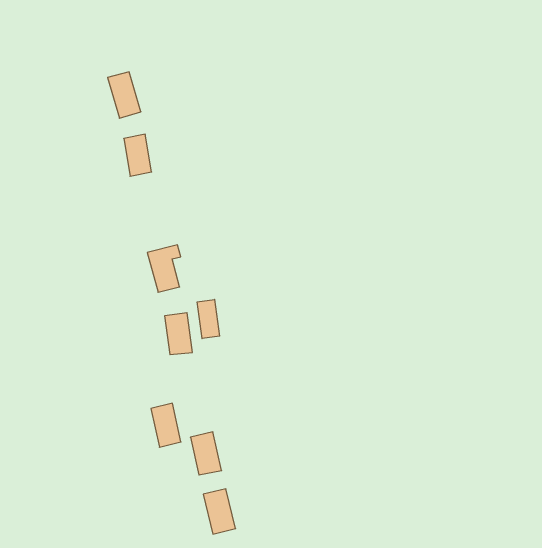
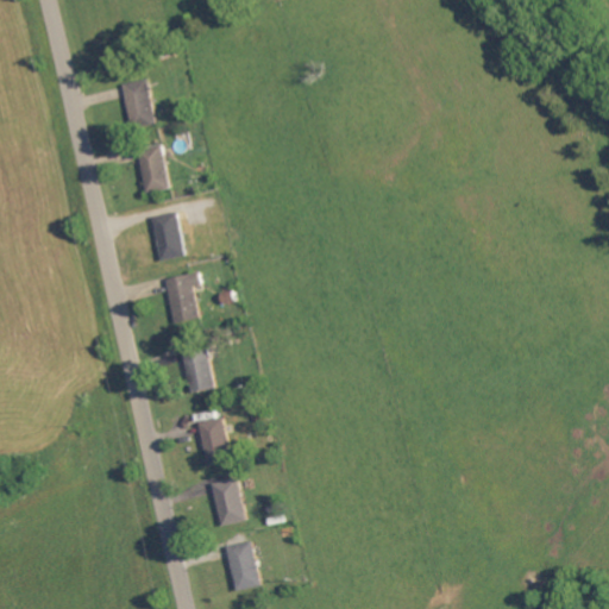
building: none -> [150,213,186,262]
building: [197,299,220,339] -> none
building: [151,403,181,447] -> [197,417,231,466]

